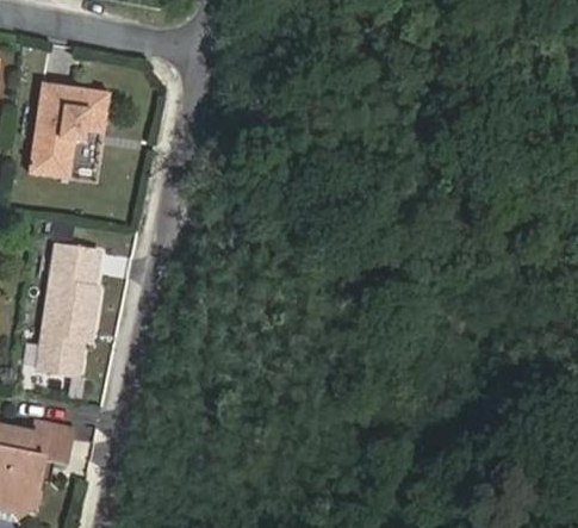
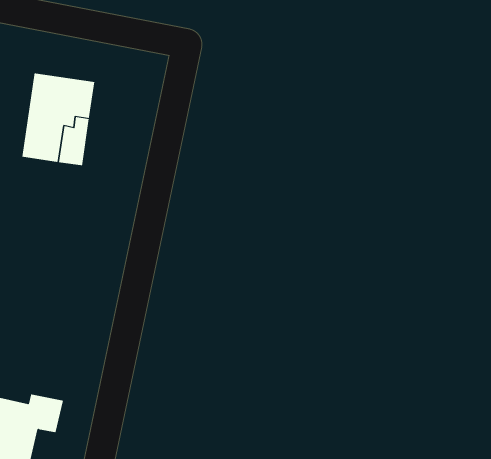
building: [35,243,98,375] -> none

